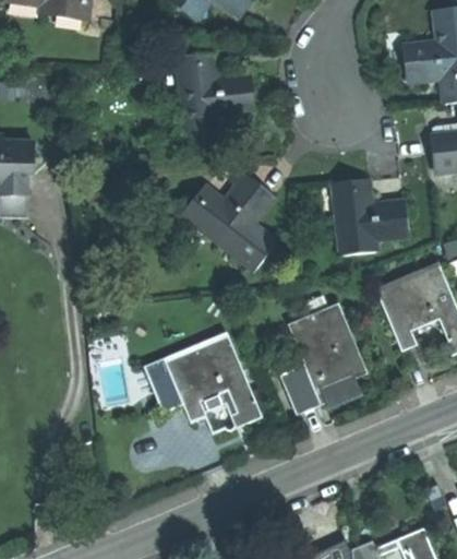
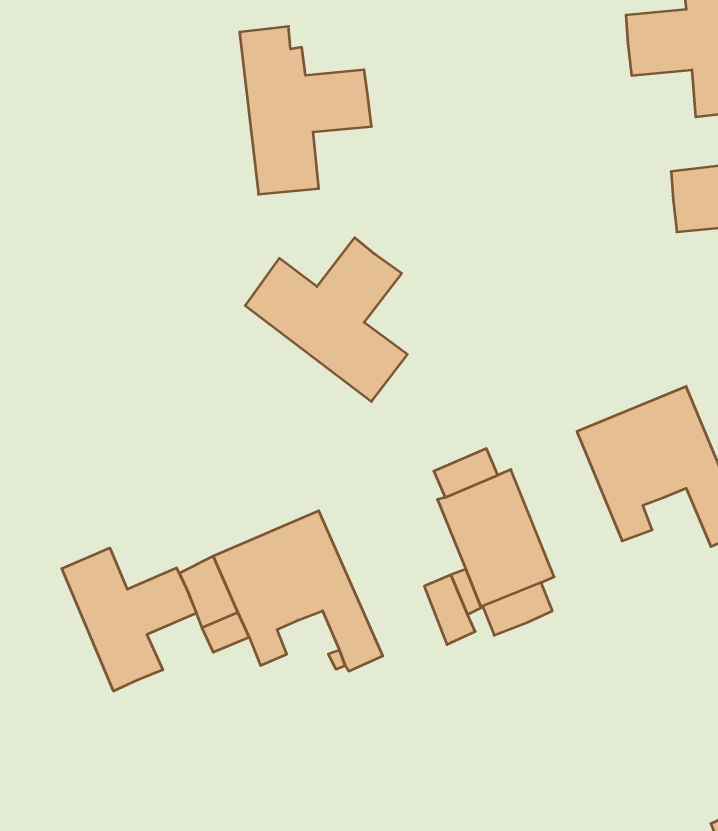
building: [334,179,409,254] -> none
building: none -> [62,548,196,691]

